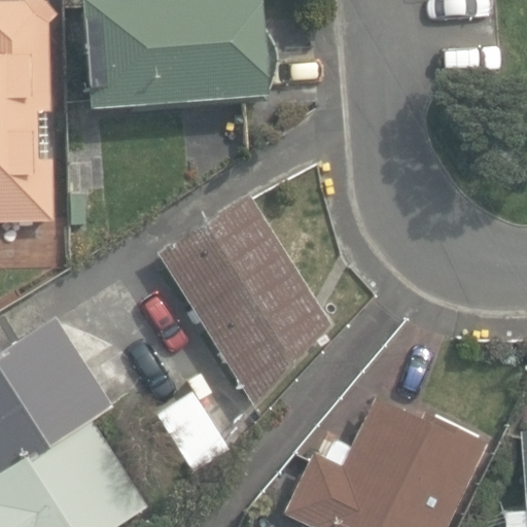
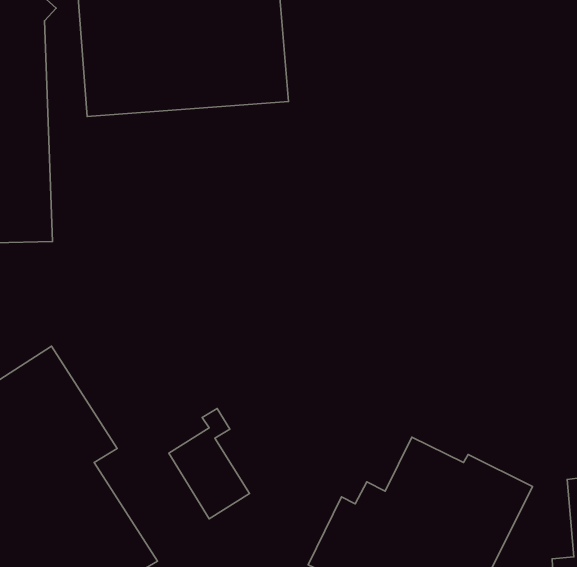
building: [159,195,330,405] -> none

